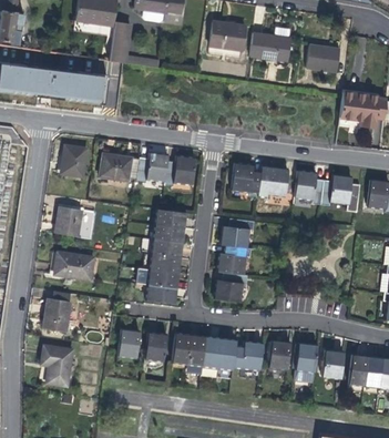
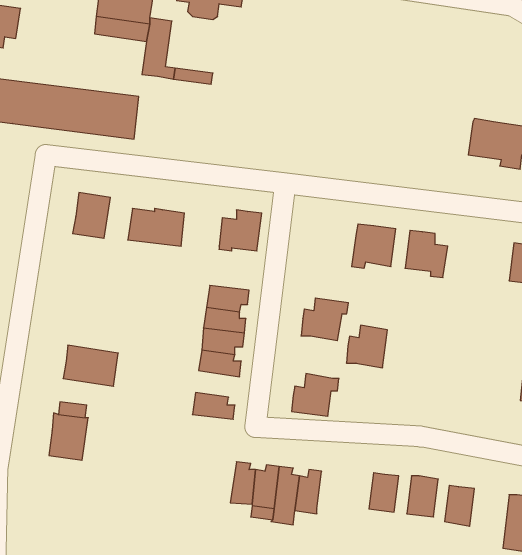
building: [209,21,246,51] -> none
building: [249,32,291,61] -> none
building: [306,44,340,72] -> none
building: [137,153,167,183] -> none
building: [233,163,260,196] -> none
building: [321,175,360,213] -> none
building: [54,206,82,236] -> none
building: [218,245,247,275] -> [346,325,387,368]
building: [136,268,178,288] -> none
building: [119,329,140,358] -> none
building: [145,333,166,361] -> none
building: [233,340,263,370] -> none
building: [41,346,73,386] -> none
building: [348,355,368,395] -> none

